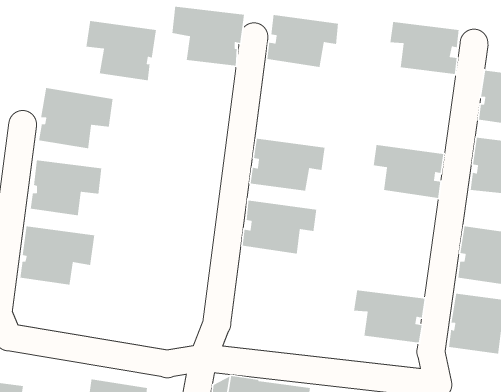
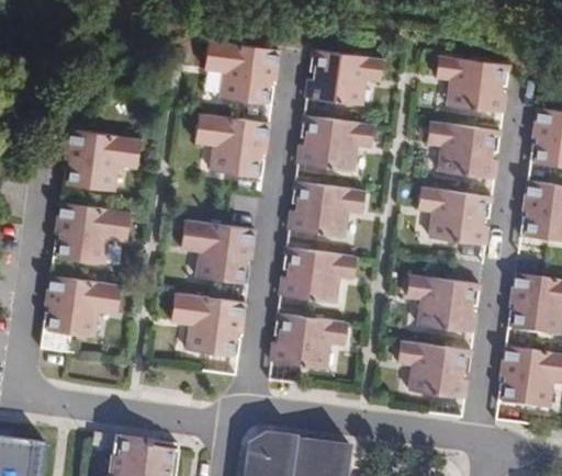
building: [85,20,157,81] -> [194,114,270,179]
building: none -> [295,115,374,172]
building: none -> [426,122,502,180]
building: none -> [180,220,257,284]
building: none -> [404,274,482,333]
building: none -> [171,294,247,358]
building: none -> [269,311,349,371]

